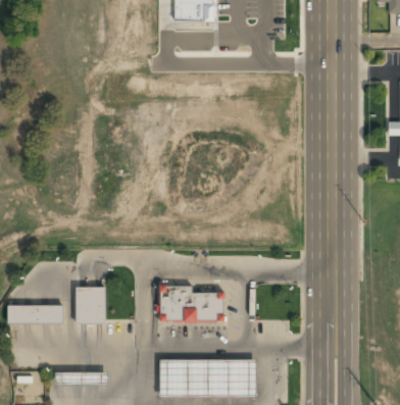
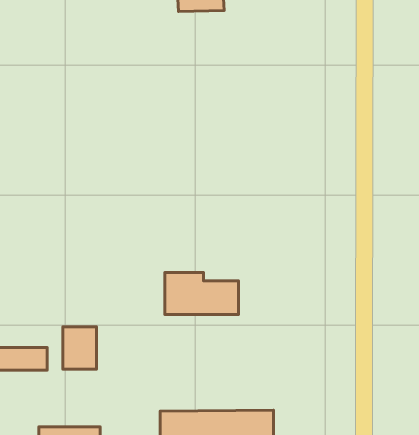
building: [159,284,221,319] -> [165,273,238,315]

